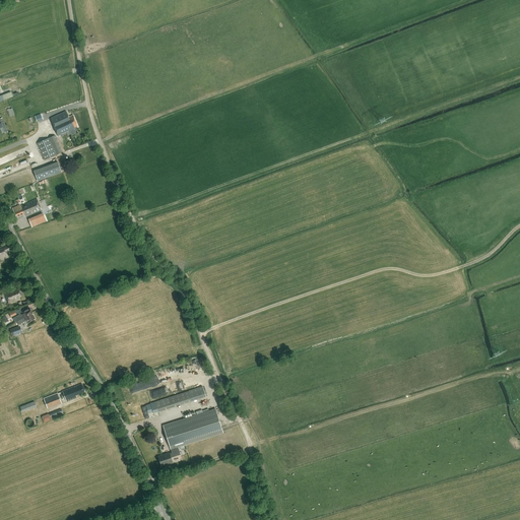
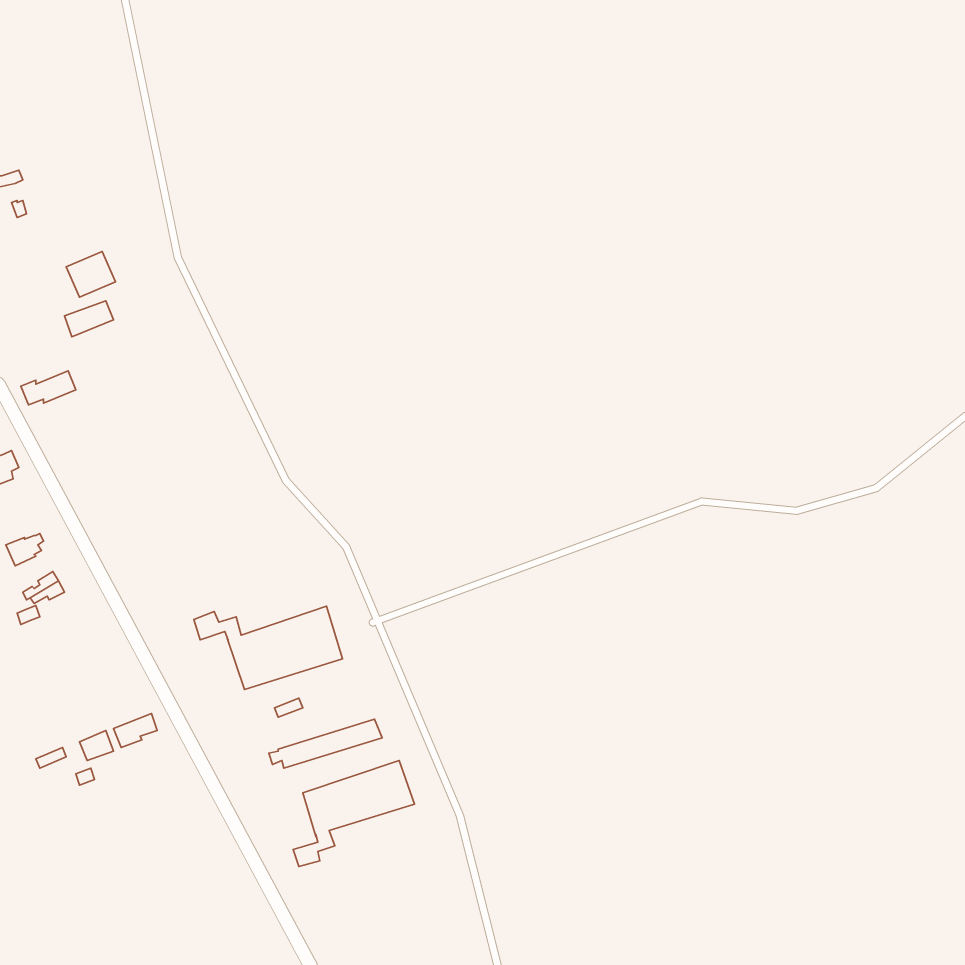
building: [50,111,77,135] -> none
building: none -> [194,606,342,690]

